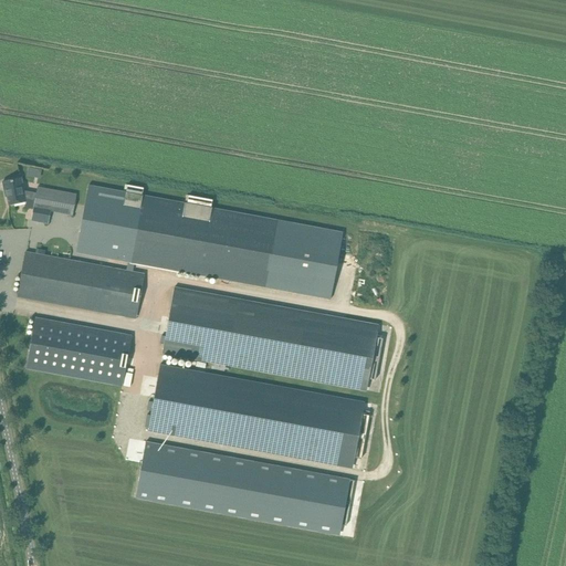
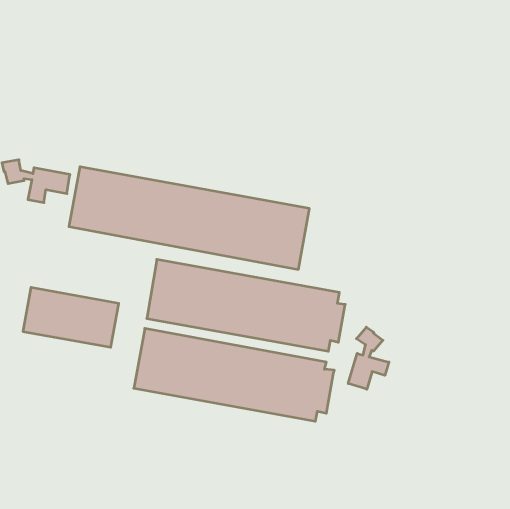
building: [18,251,143,316] -> none
building: none -> [348,327,389,389]
building: [134,443,355,545] -> none

